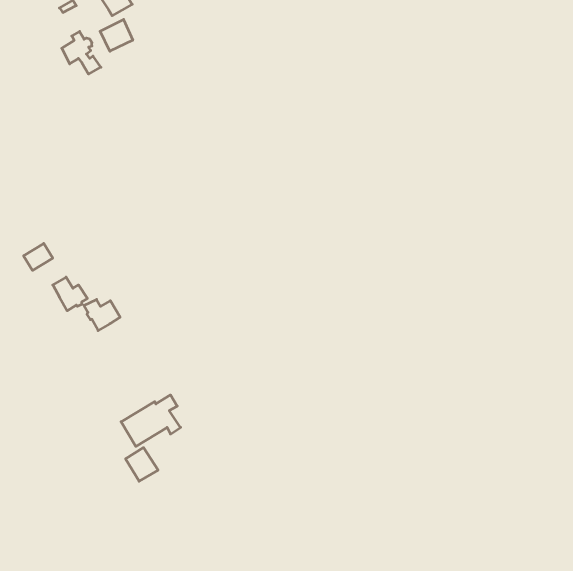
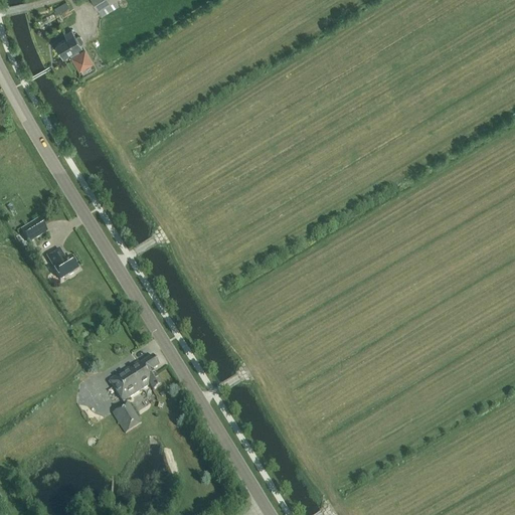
building: [100,19,133,51] -> none
building: [84,299,120,331] -> none

